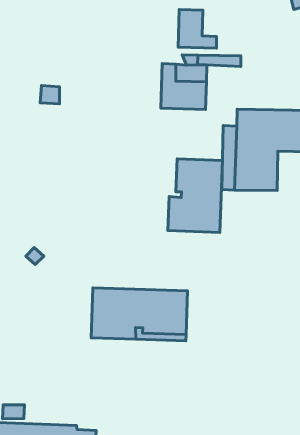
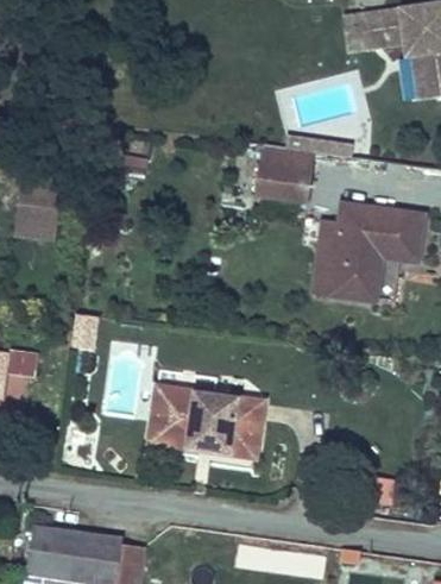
building: [178,10,217,48] -> none
building: [168,159,222,232] -> none

